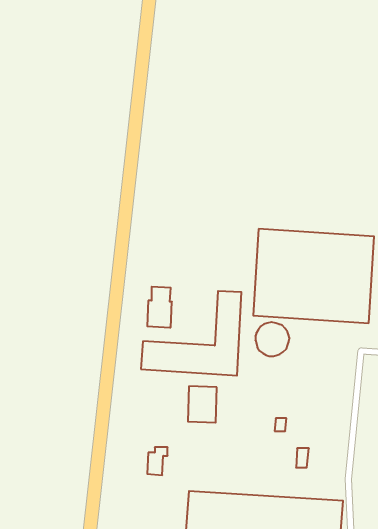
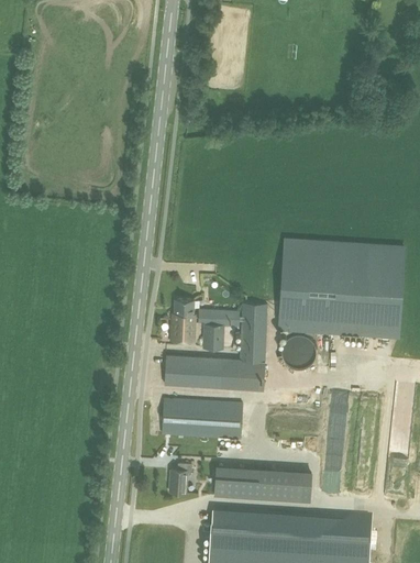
building: none -> [198,309,240,349]
building: none -> [162,398,213,438]
building: none -> [213,467,311,500]

